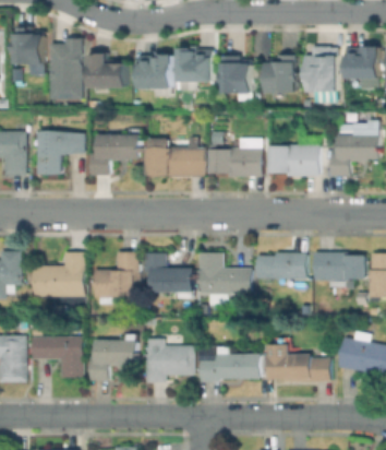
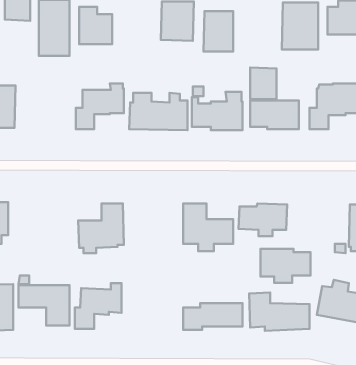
building: [142,58,171,90] -> none
building: [268,59,295,92] -> [250,67,277,99]
building: [39,131,84,175] -> none
building: [32,252,83,297] -> none
building: [314,252,365,287] -> [260,249,310,283]
building: [144,253,192,298] -> none
building: [145,339,193,382] -> none

